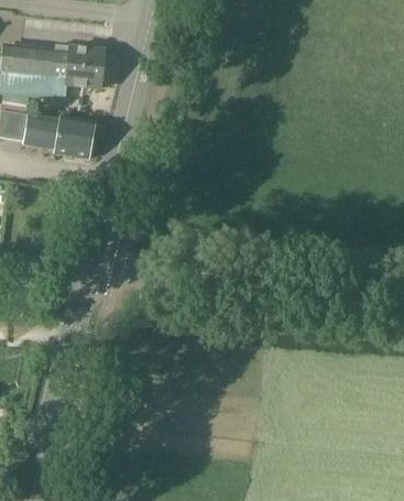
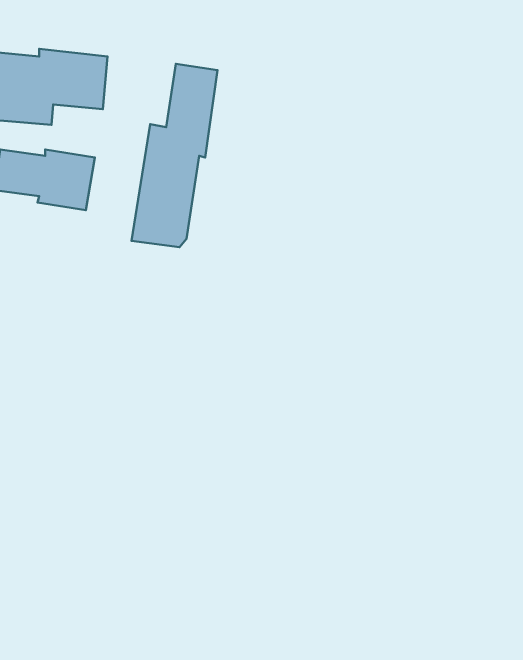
building: none -> [131,64,218,247]

